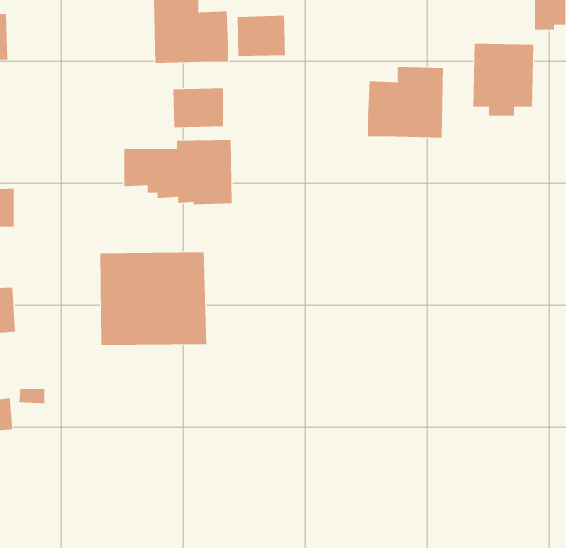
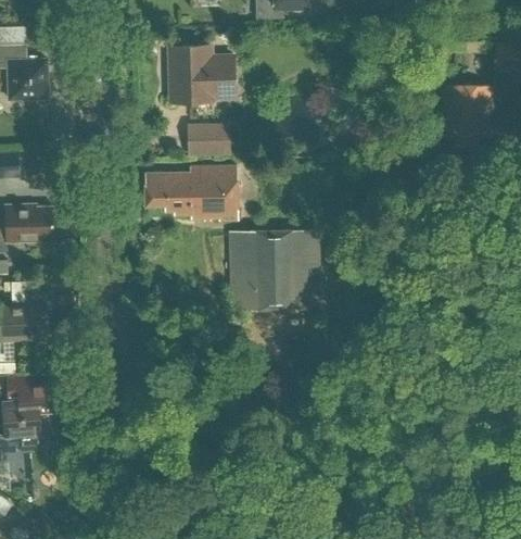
building: [237,15,285,57] -> none
building: [368,66,444,139] -> none
building: [99,252,207,346] -> [229,229,320,309]

